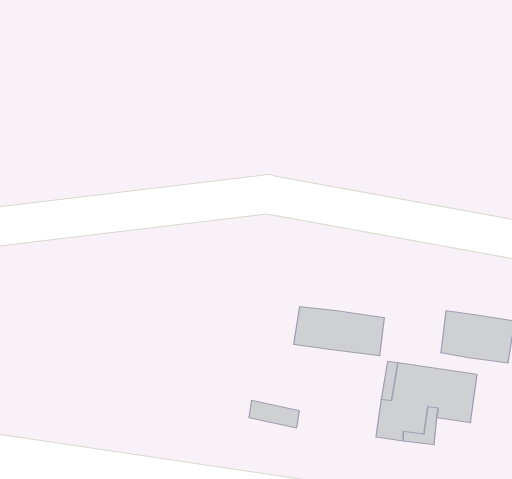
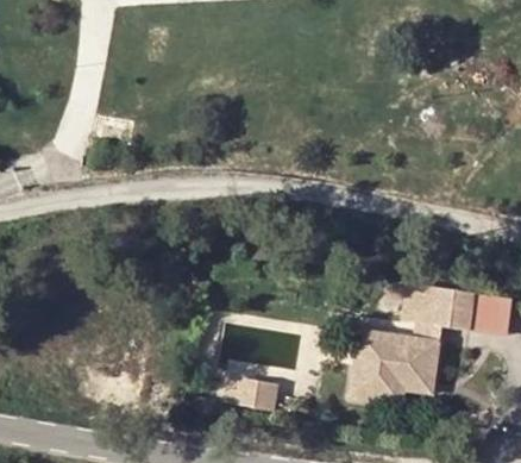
building: [294,307,384,356] -> none

